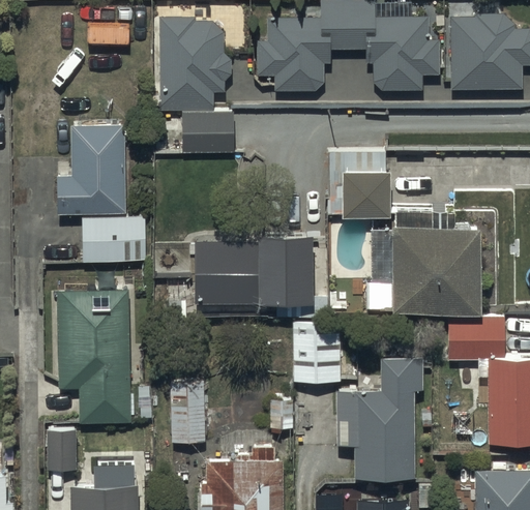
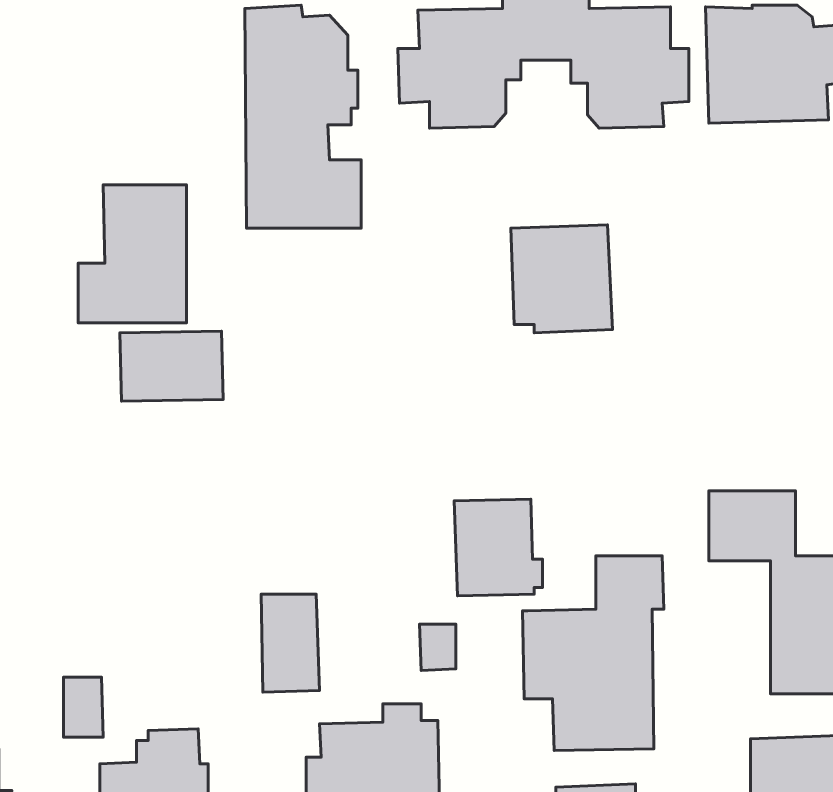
building: [363,215,480,313] -> none
building: [196,236,311,304] -> none
building: [59,293,132,424] -> none

